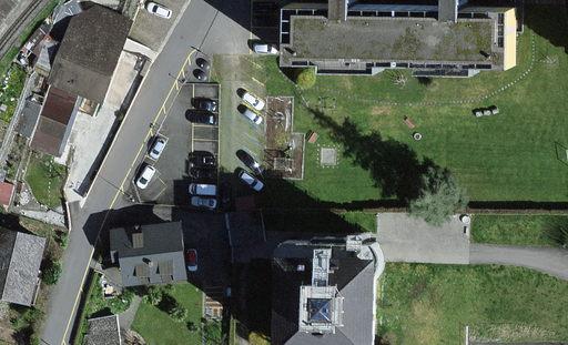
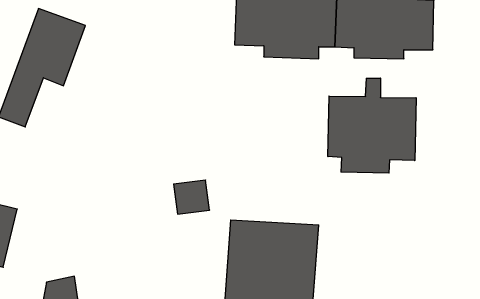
building: none -> [328,78,416,173]
building: [109,220,184,282] -> none

